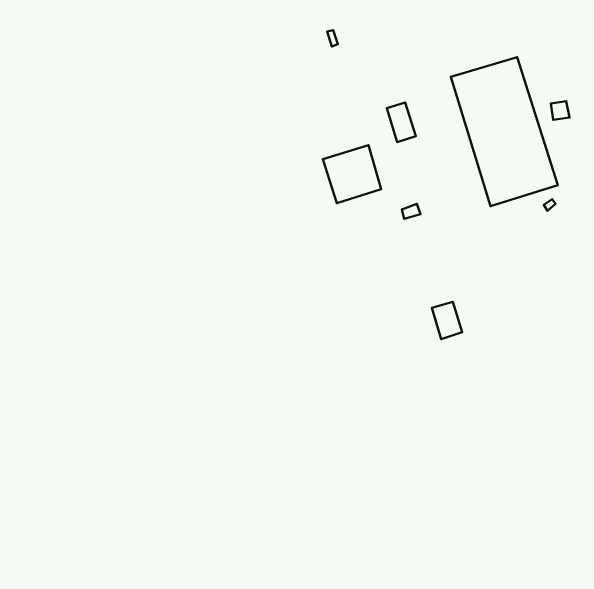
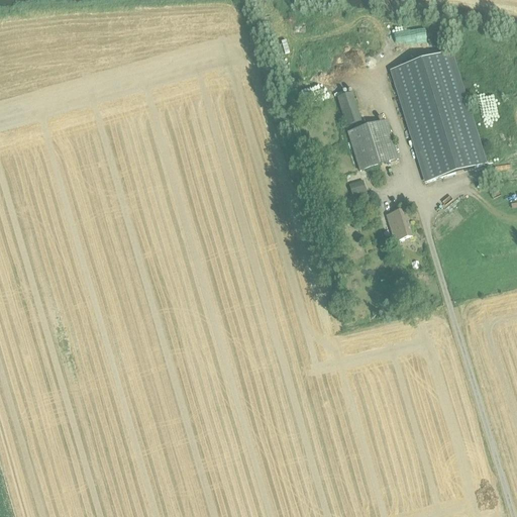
building: [323,145,381,203] -> [346,117,397,168]
building: [432,302,462,339] -> [385,207,411,239]

